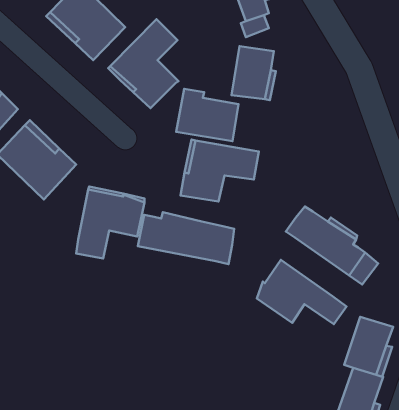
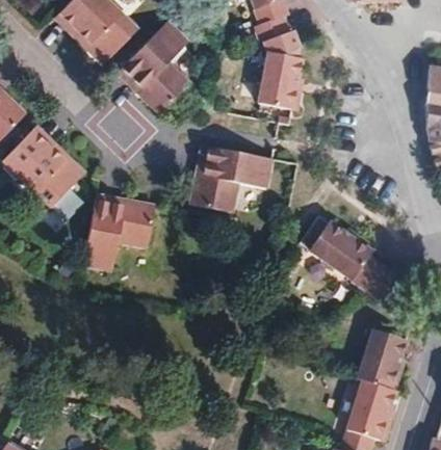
building: [176,89,238,141] -> none
building: [138,212,234,264] -> none
building: [257,260,347,324] -> none

